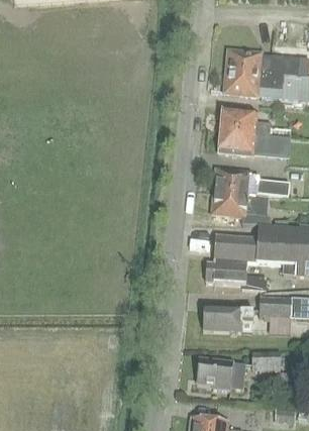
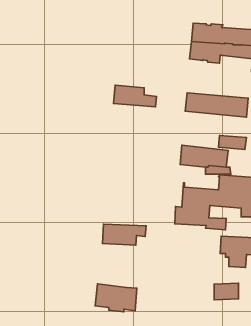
building: [220,109,270,134] -> [114,85,156,107]
building: [214,169,259,195] -> none
building: [202,307,252,331] -> [102,224,146,245]
building: [196,357,244,390] -> [95,284,137,312]

